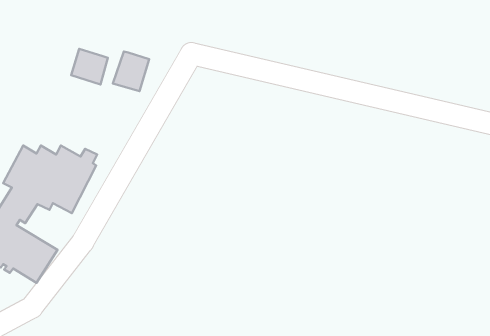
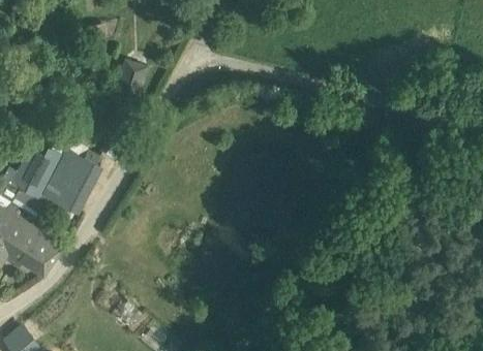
building: [71,49,108,85] -> none

